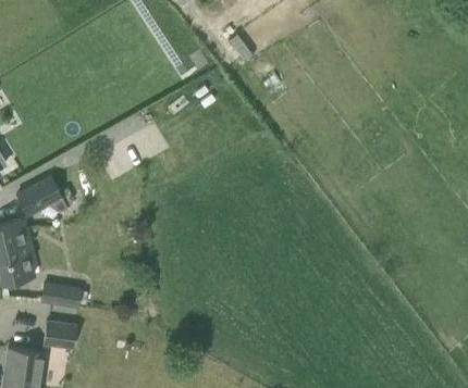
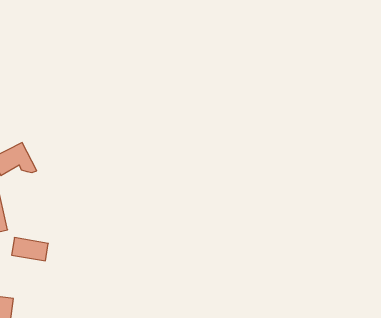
building: [42,321,77,350] -> none

